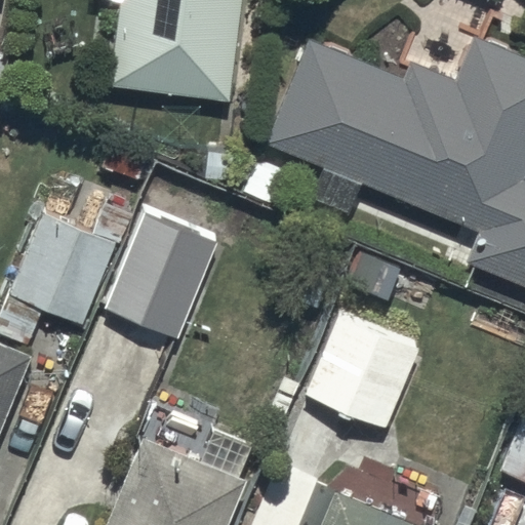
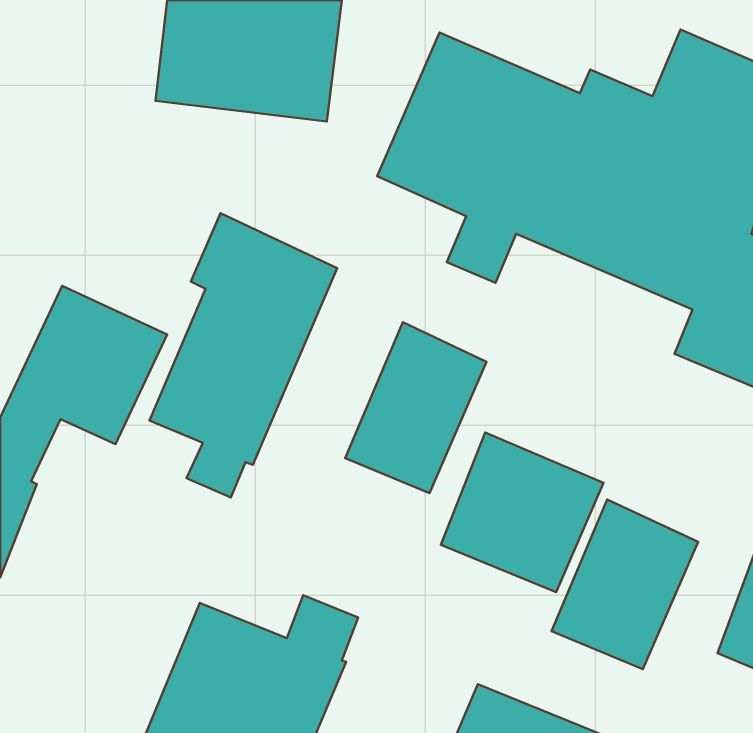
building: none -> [345,322,487,493]
building: none -> [551,500,698,669]

